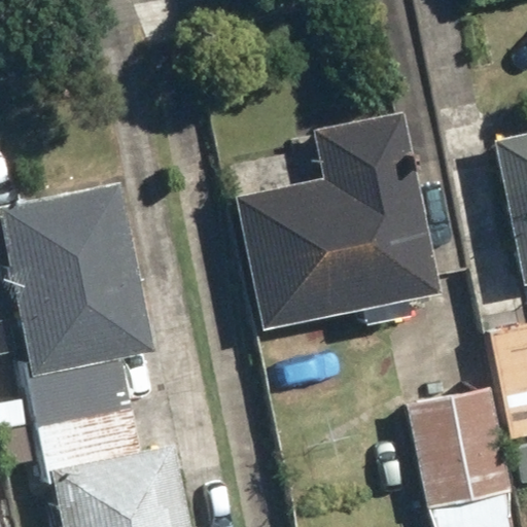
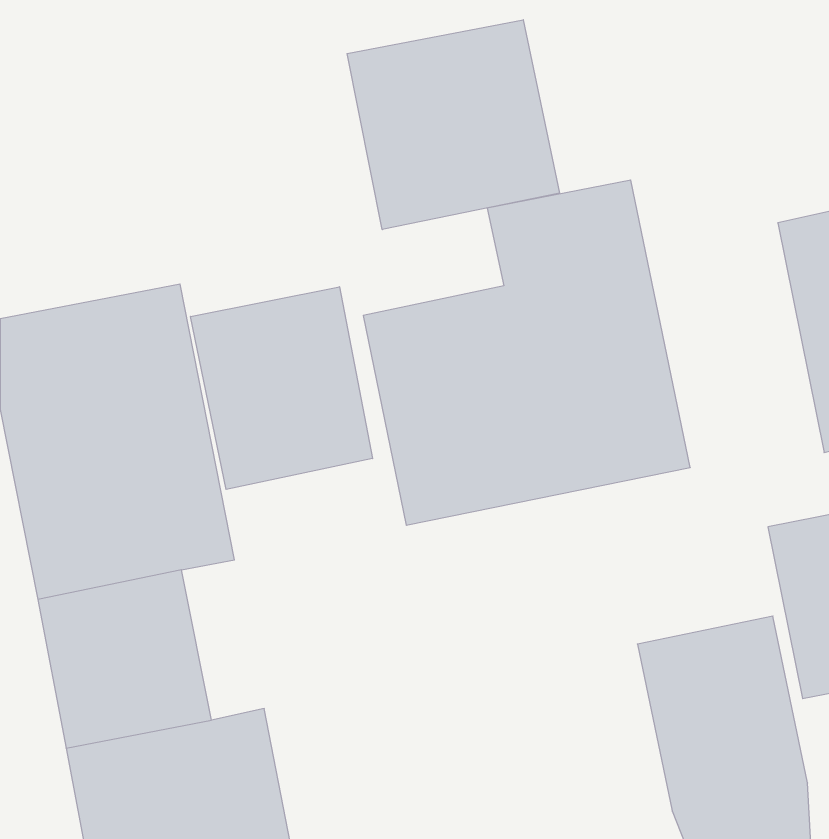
building: none -> [347,20,560,230]
building: none -> [191,287,373,489]

